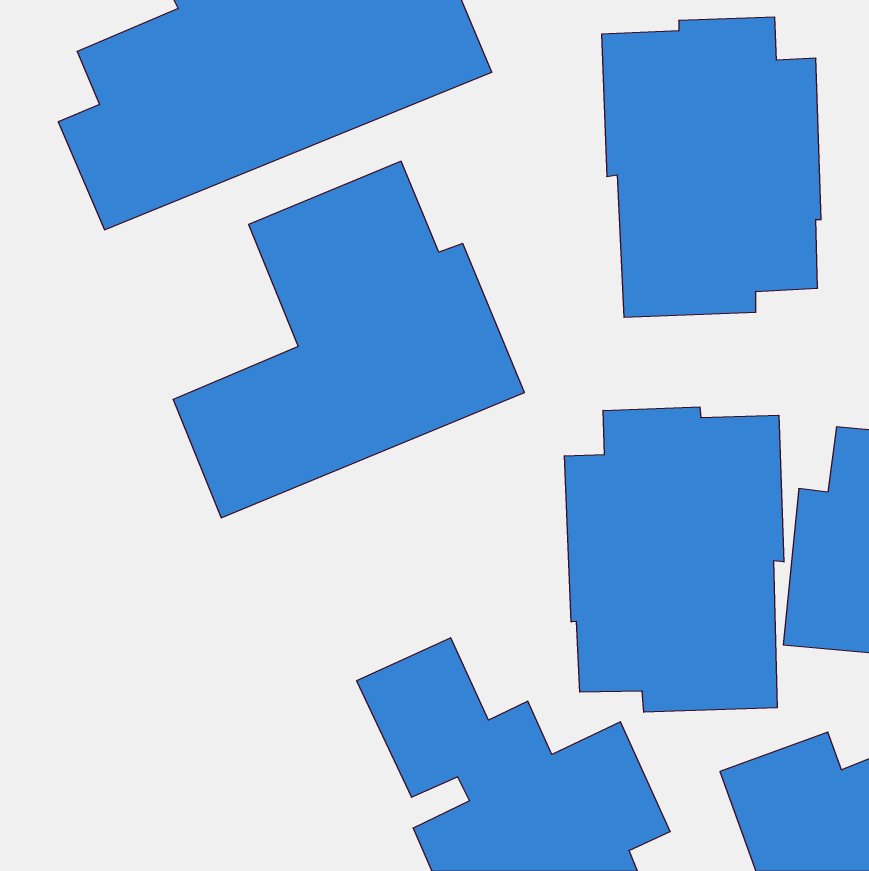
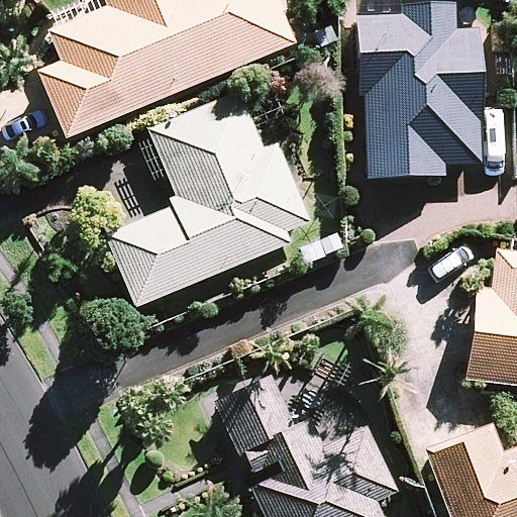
building: [565,407,784,712] -> none

